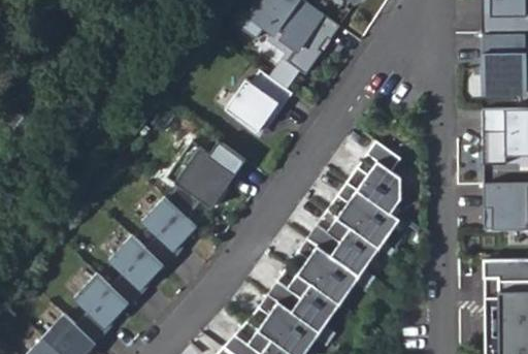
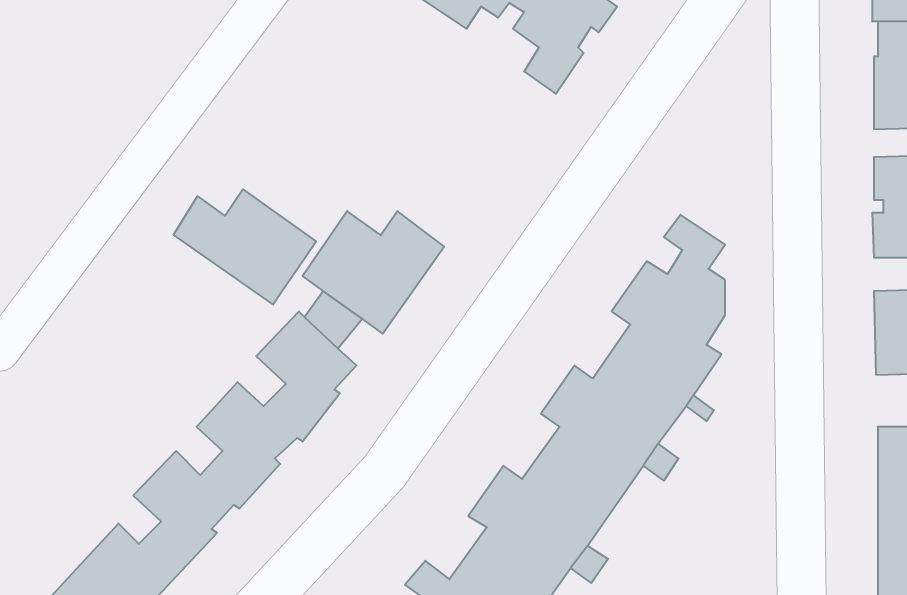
building: [227,69,295,131] -> none
building: none -> [174,189,316,305]

